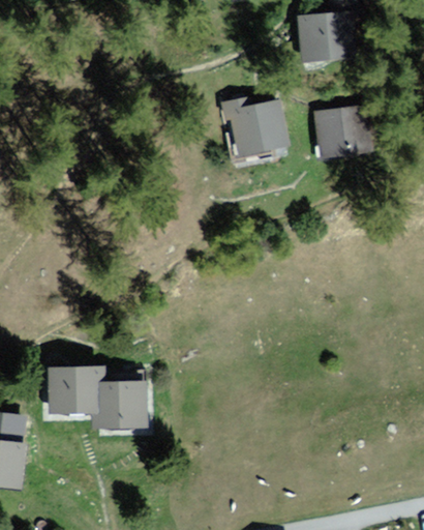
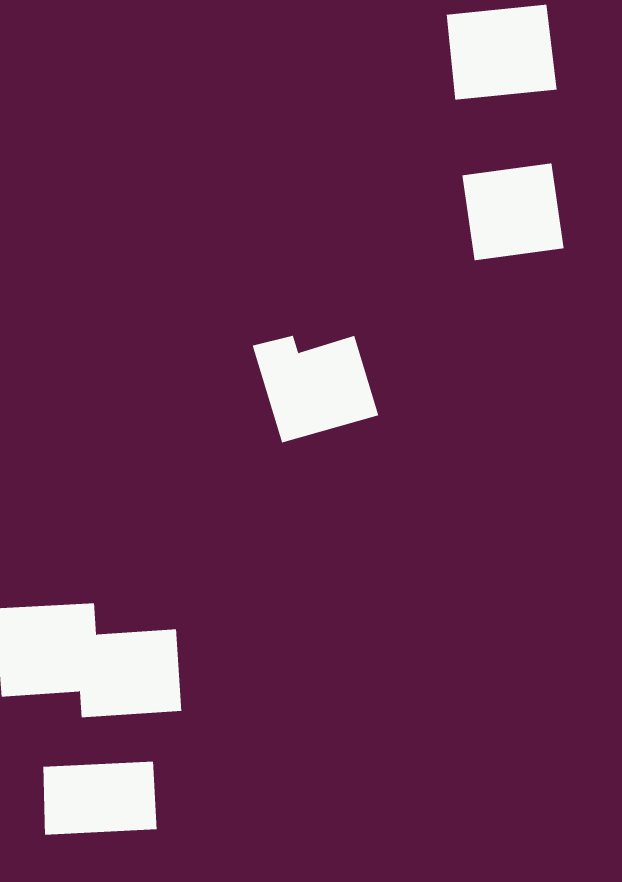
building: [226,96,302,160] -> [252,335,379,443]
building: none -> [43,761,157,836]

